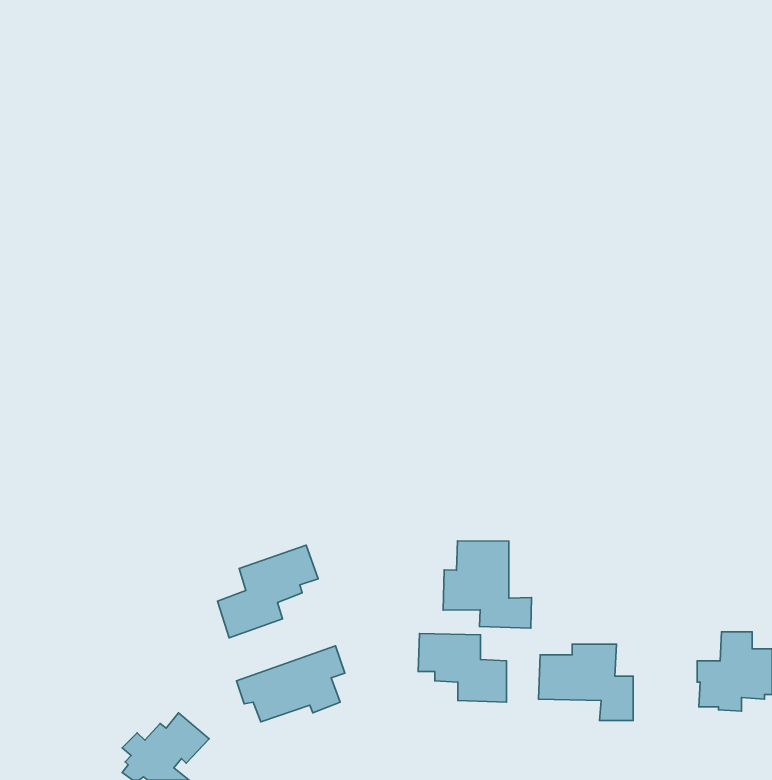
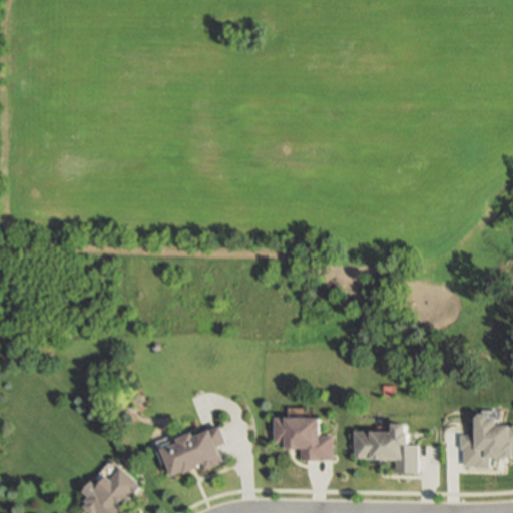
building: [443,541,532,628] -> none
building: [218,545,318,638] -> none

